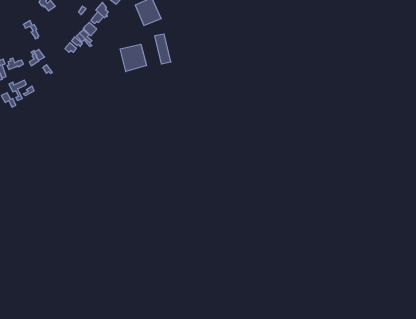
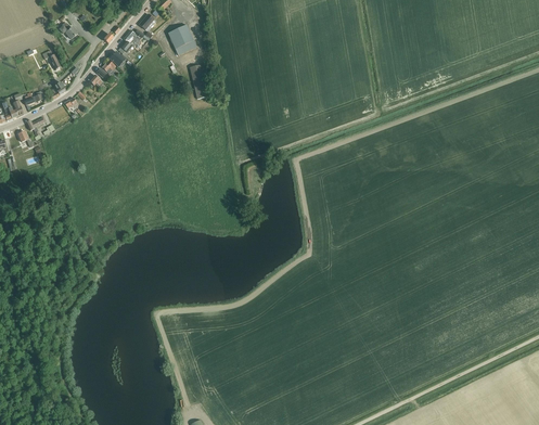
building: [120,44,146,72] -> none

